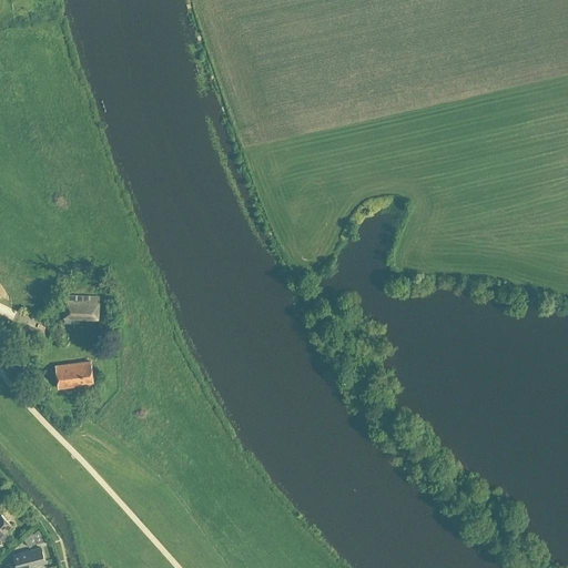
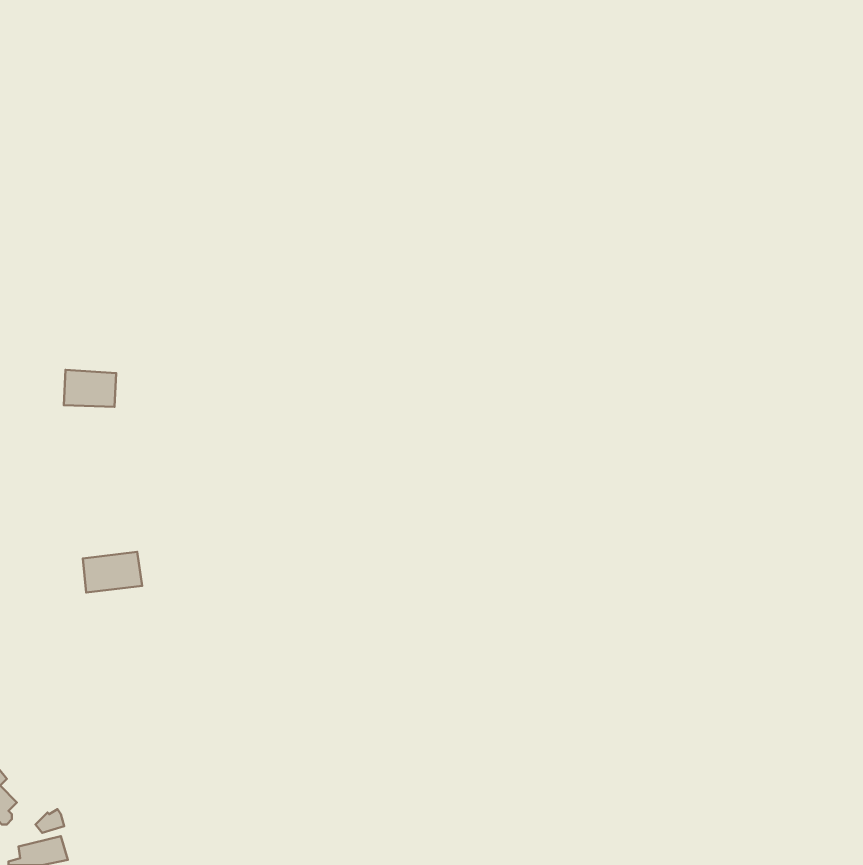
building: [63,295,98,320] -> [64,370,116,407]

